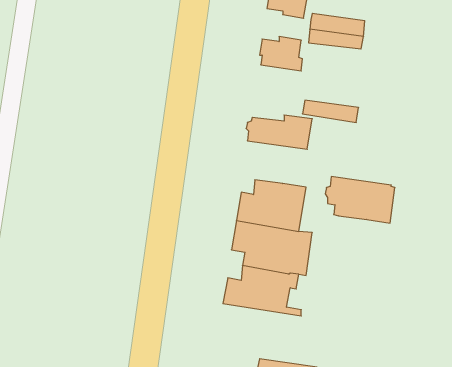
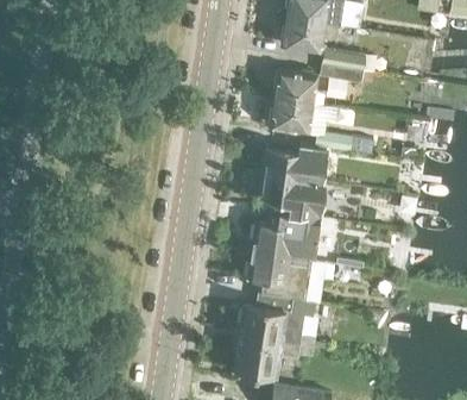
building: none -> [269,99,337,135]
building: [325,177,395,223] -> [257,173,324,218]
building: none -> [233,331,315,377]

